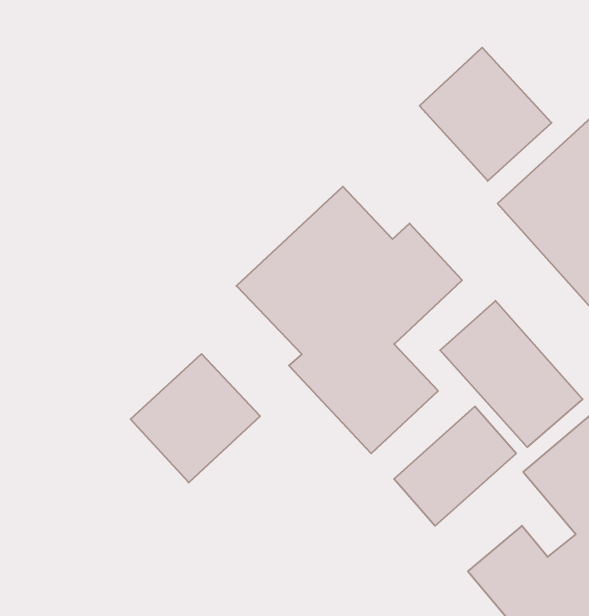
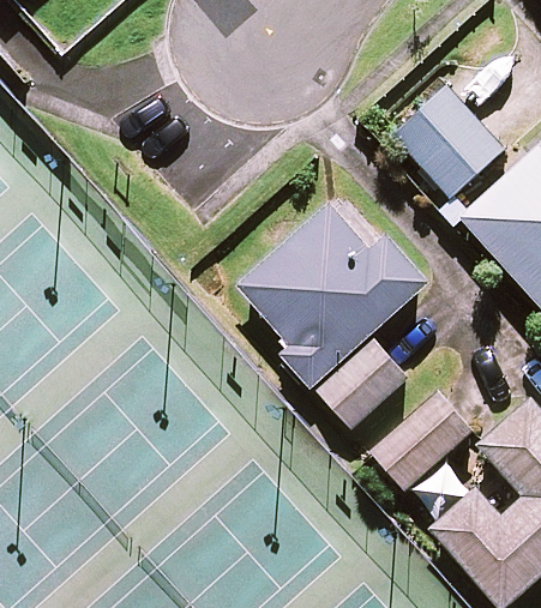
building: [440,301,583,447] -> none
building: [131,354,260,483] -> none

